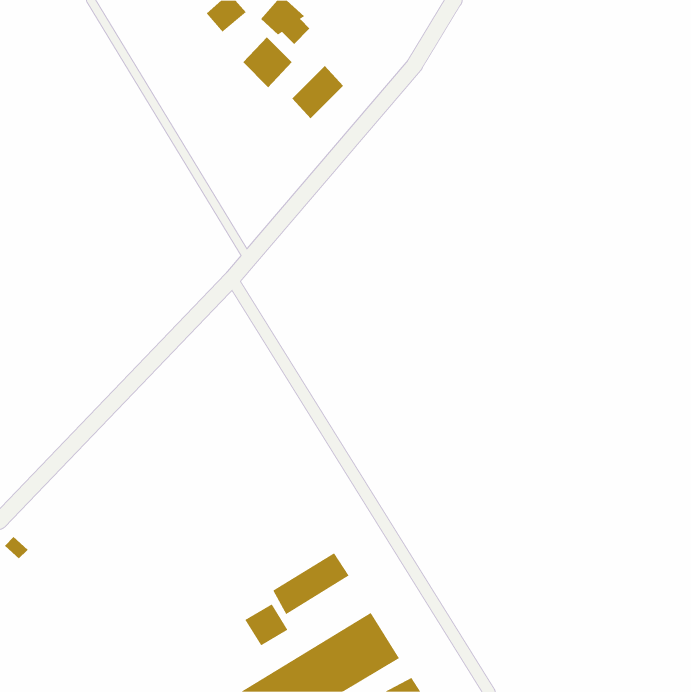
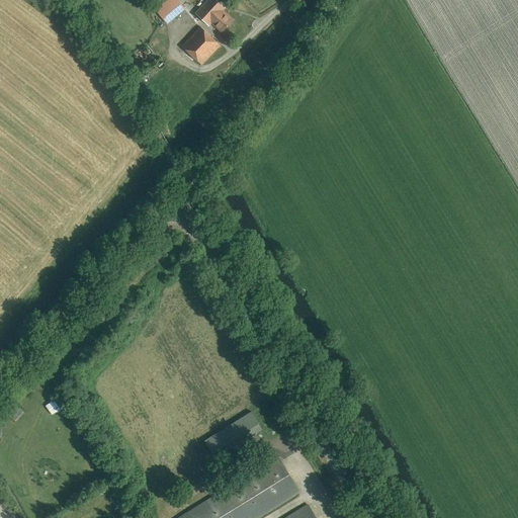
building: [292,65,344,119] -> none
building: [245,604,288,646] -> none

